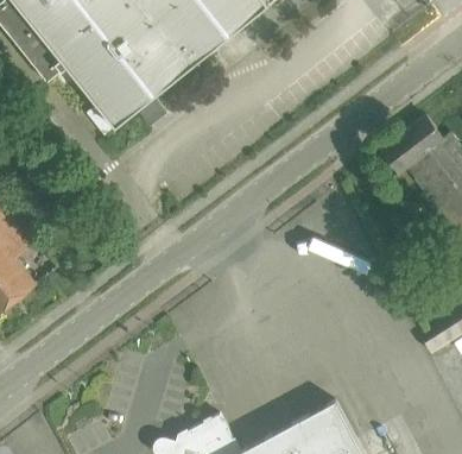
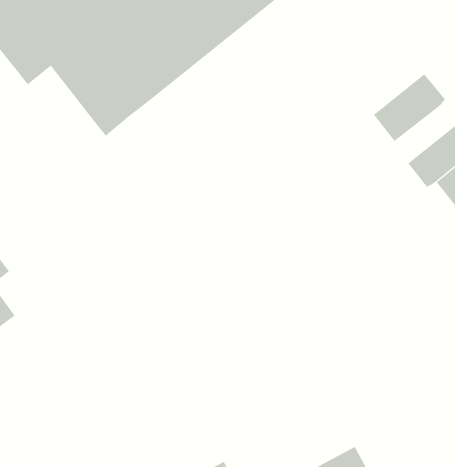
building: none -> [373,73,446,142]

